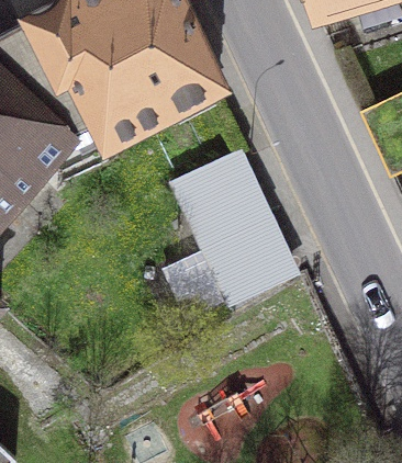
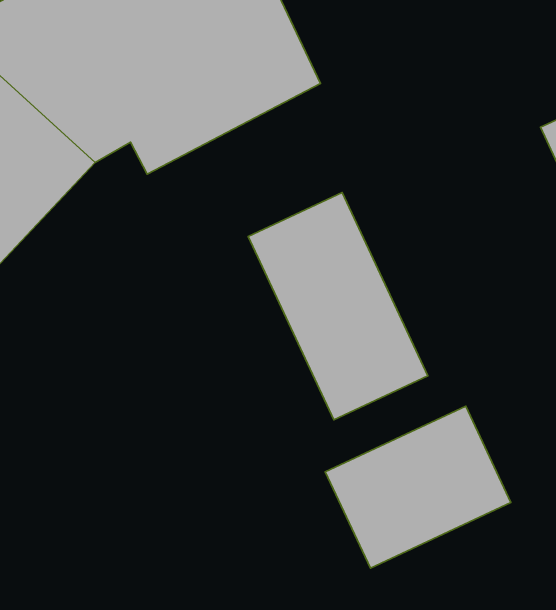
building: none -> [325,406,511,568]

